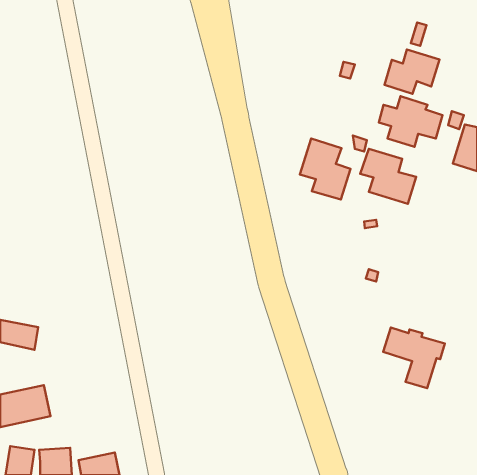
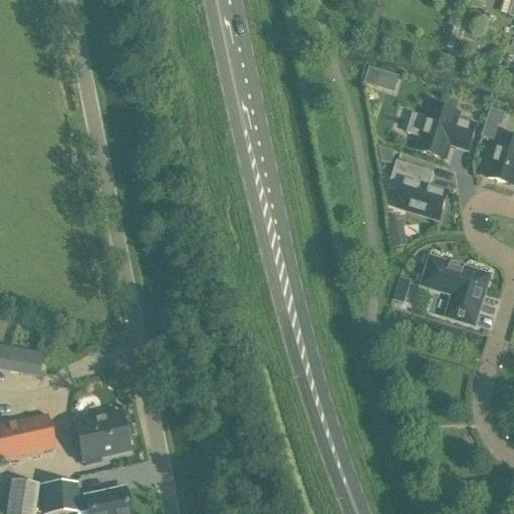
building: [385,49,440,94] -> none
building: [300,139,350,199] -> none
building: [383,327,445,388] -> [423,257,489,322]
building: none -> [71,411,128,464]

